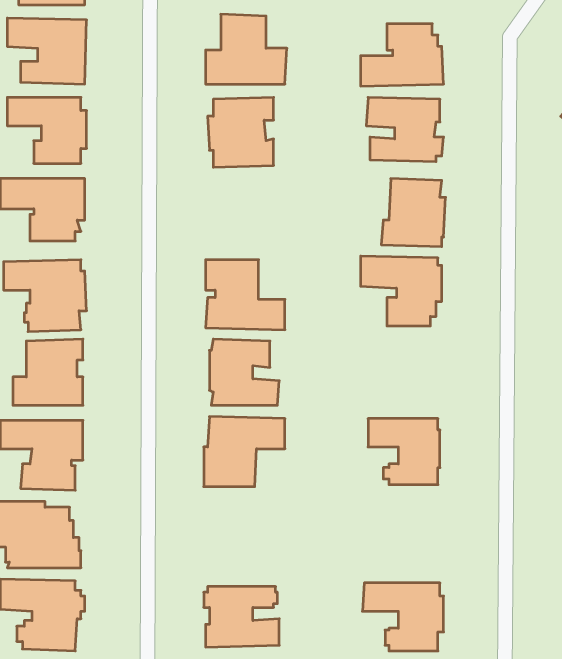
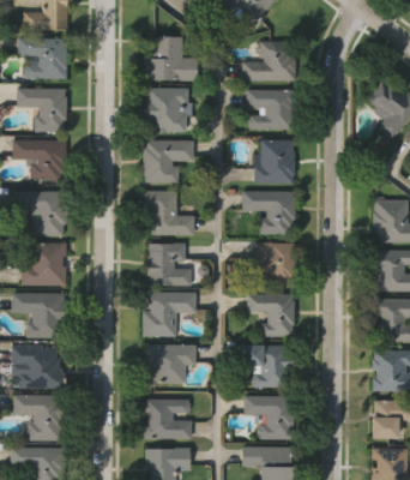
building: none -> [141,140,193,181]
building: none -> [253,242,294,283]
building: none -> [241,343,291,385]
building: none -> [145,346,195,383]

